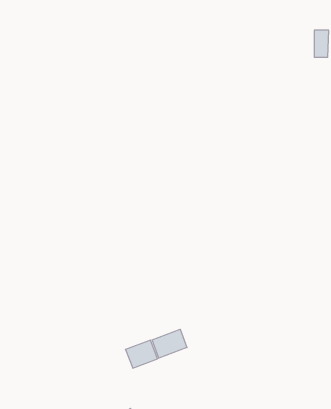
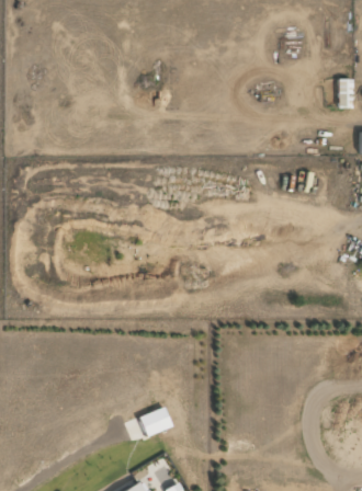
building: [152,329,187,358] -> none

